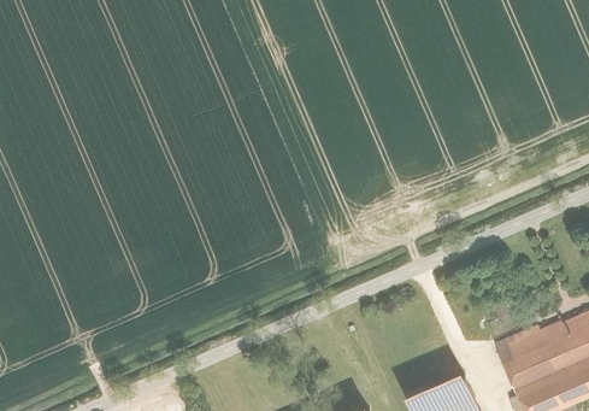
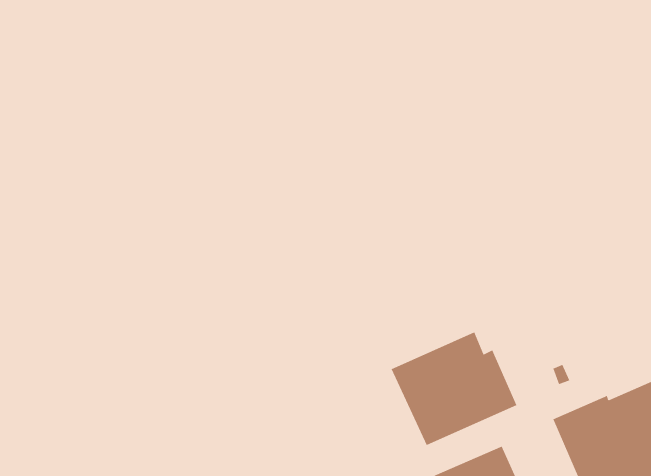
building: none -> [391,331,517,446]

